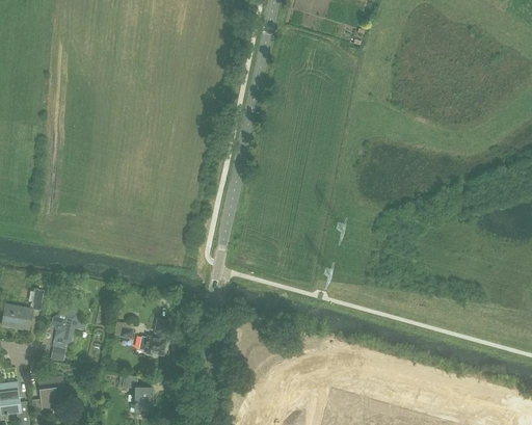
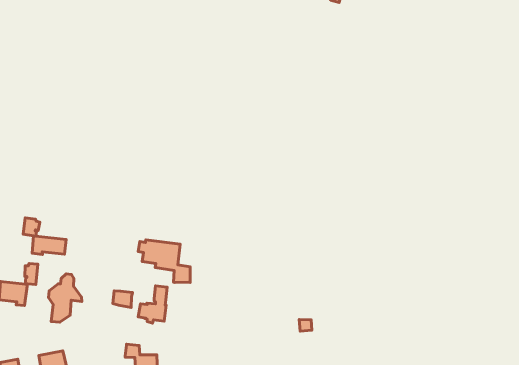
building: none -> [23,218,66,255]
building: none -> [138,240,190,282]

